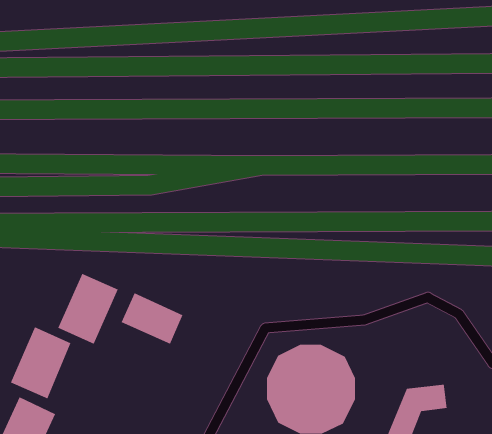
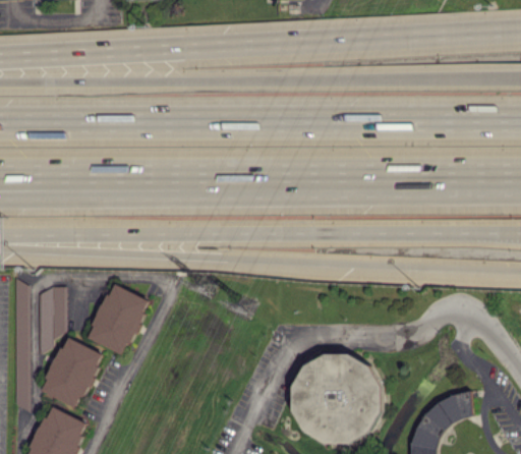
building: none -> [38,288,65,350]
building: [121,292,183,345] -> none

